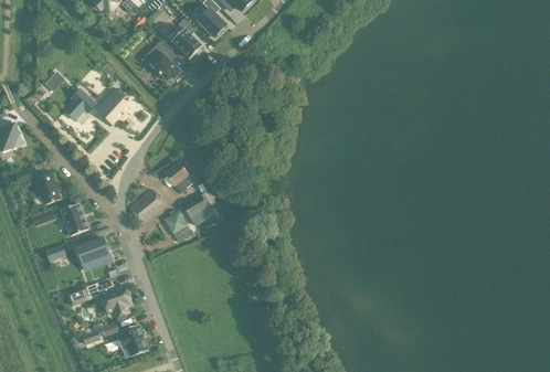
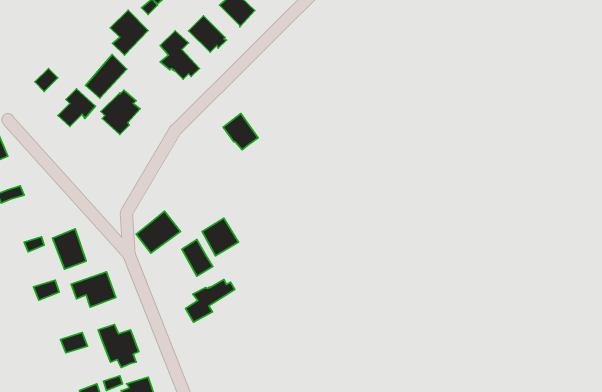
building: none -> [110,10,148,55]
building: none -> [85,55,127,98]
building: [165,162,193,192] -> [223,114,258,150]
building: [34,174,60,204] -> none
building: none -> [185,280,235,322]

